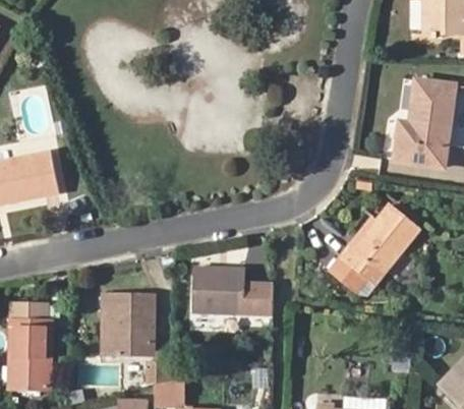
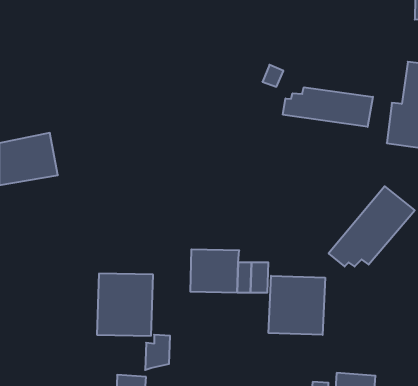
building: none -> [283,87,373,127]
building: none -> [269,276,325,335]
building: [7,304,53,393] -> none

